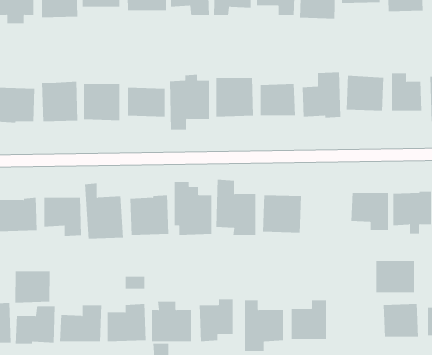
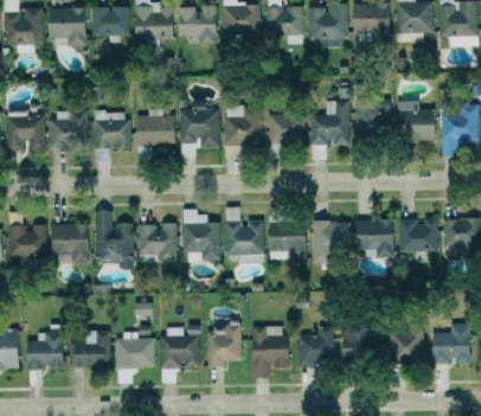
building: none -> [313,220,352,260]
building: [375,261,415,293] -> [342,327,381,359]
building: [15,271,50,303] -> none

